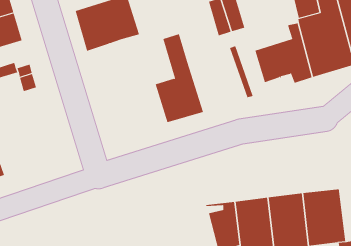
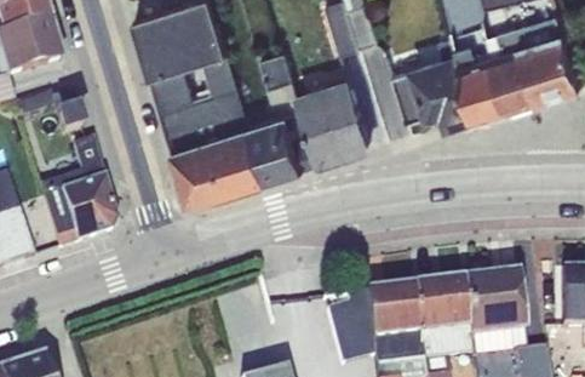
building: none -> [153,51,268,202]
building: none -> [298,74,371,162]
building: none -> [40,136,116,246]

